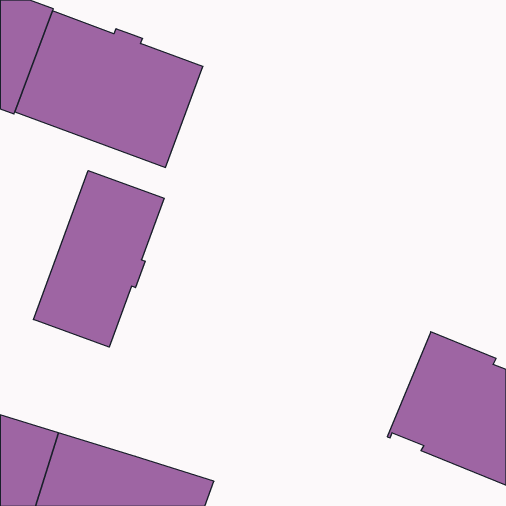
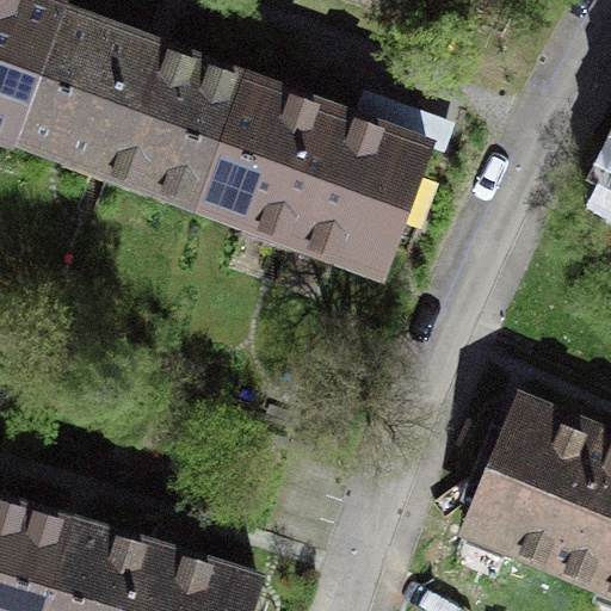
building: none -> [199,80,428,270]
building: [33,171,164,347] -> none

